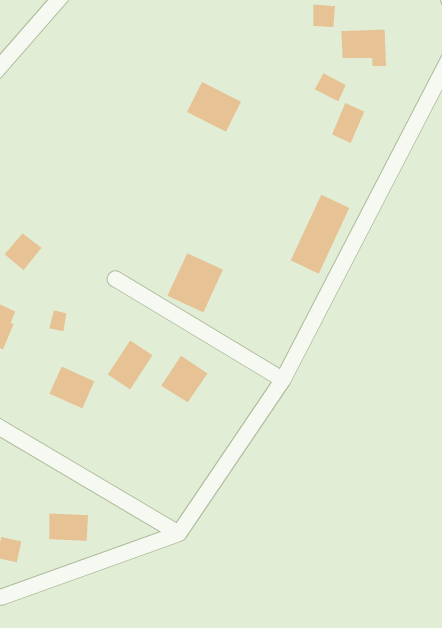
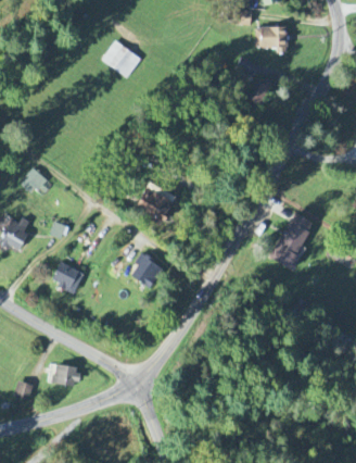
building: [186,81,242,132] -> [103,41,142,77]
building: [290,194,350,275] -> [271,213,314,270]
building: [107,339,153,390] -> none

